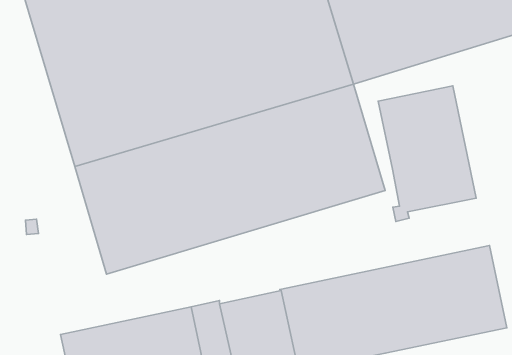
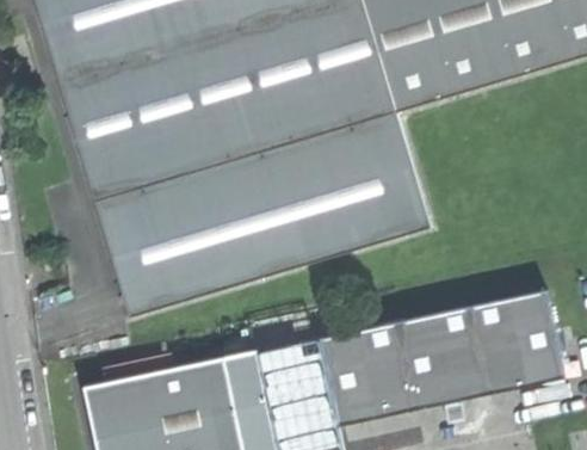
building: [378,86,476,221] -> none

